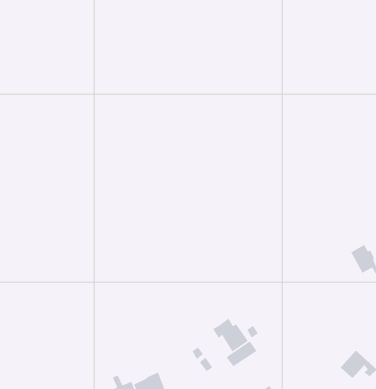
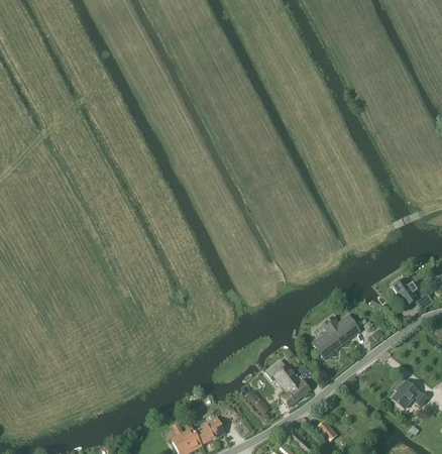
building: none -> [313,316,359,357]

